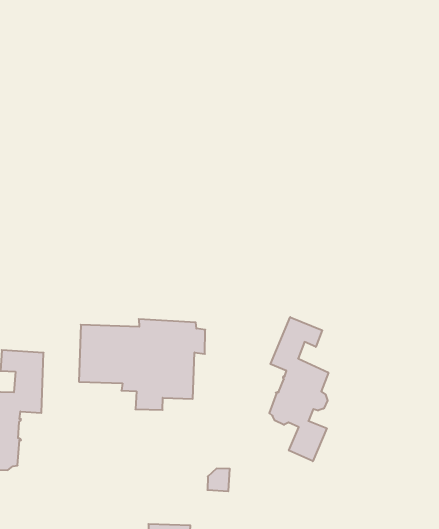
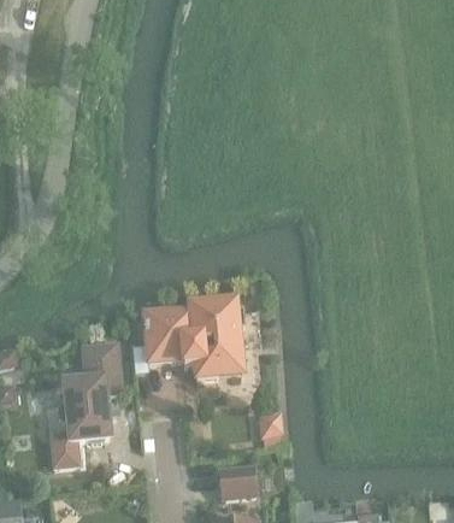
building: [269,317,328,461] -> none

